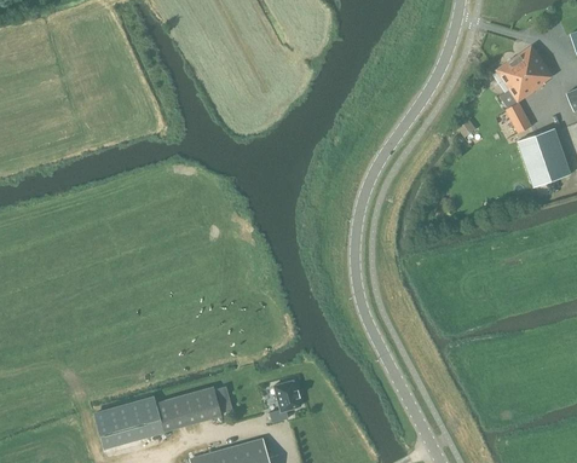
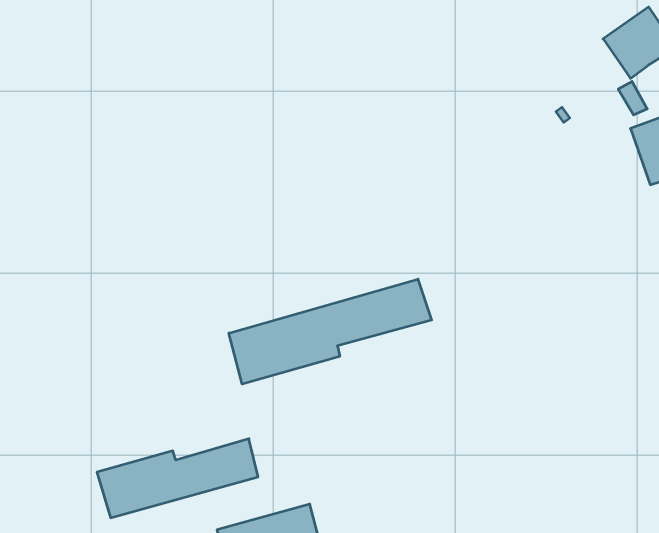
building: none -> [229,279,432,384]
building: [269,378,300,422] -> none

